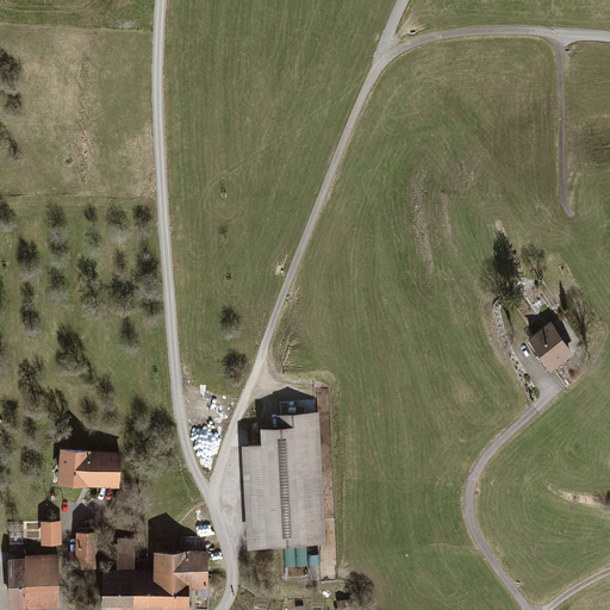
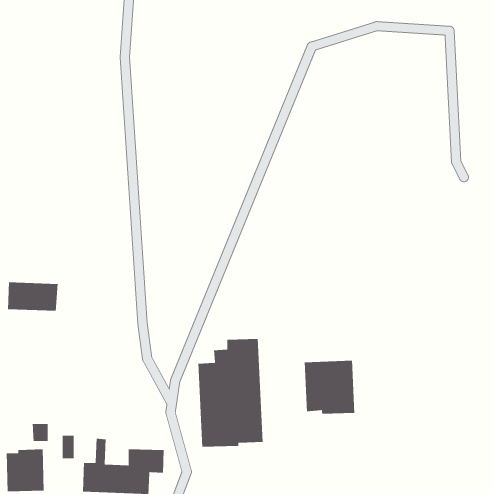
building: [528,324,577,376] -> none
building: none -> [304,360,355,415]
building: [58,453,122,490] -> [7,282,59,312]

